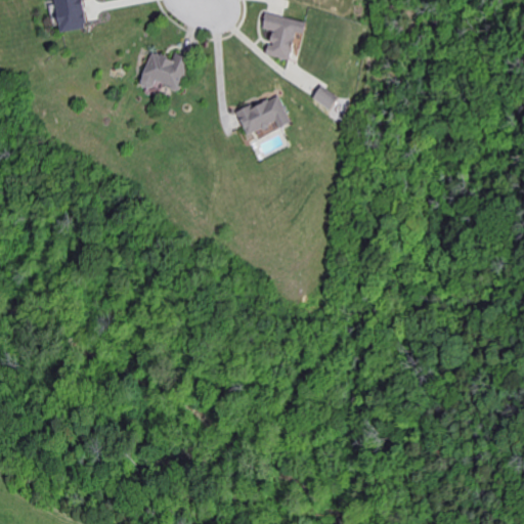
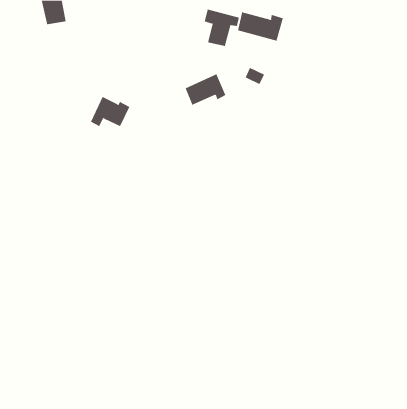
building: none -> [237,12,283,42]
building: [137,51,188,90] -> [90,96,130,127]

